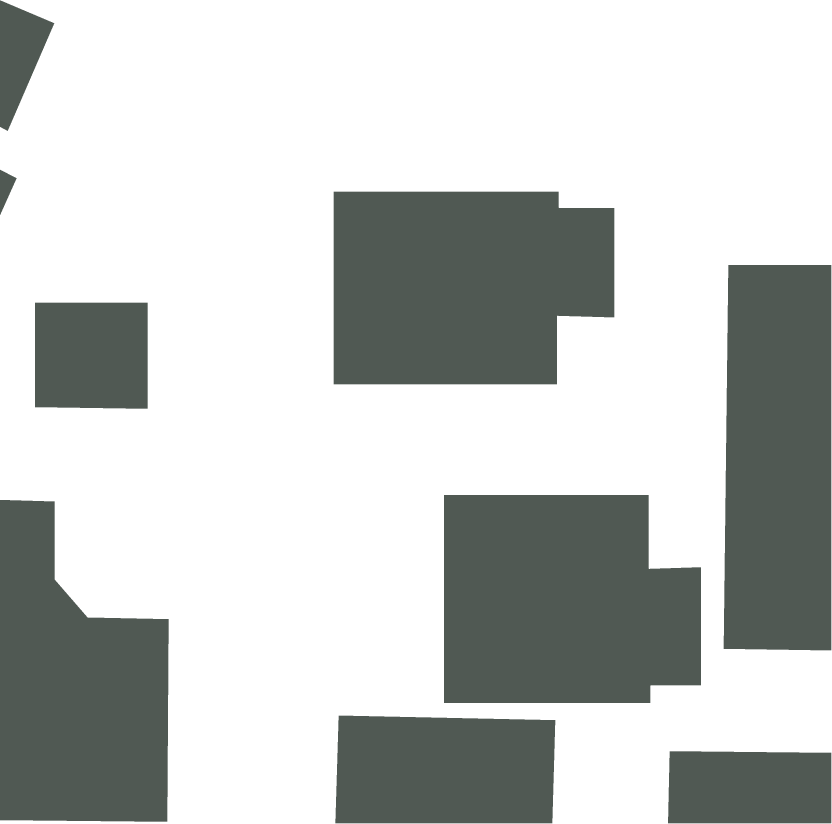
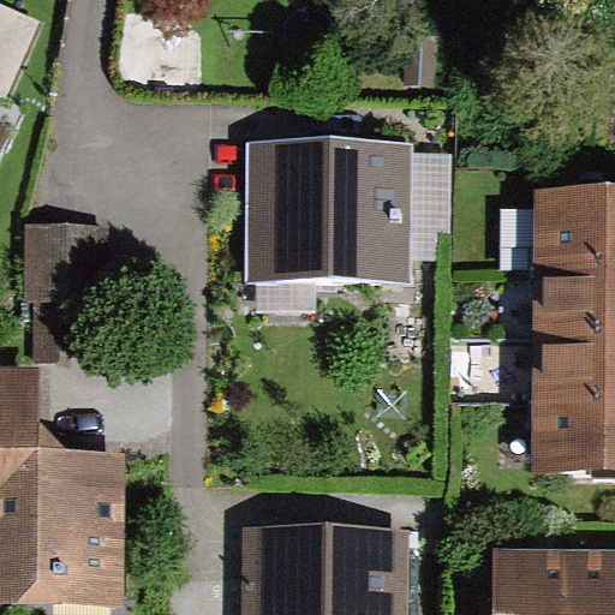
building: [443,494,702,704] -> none

